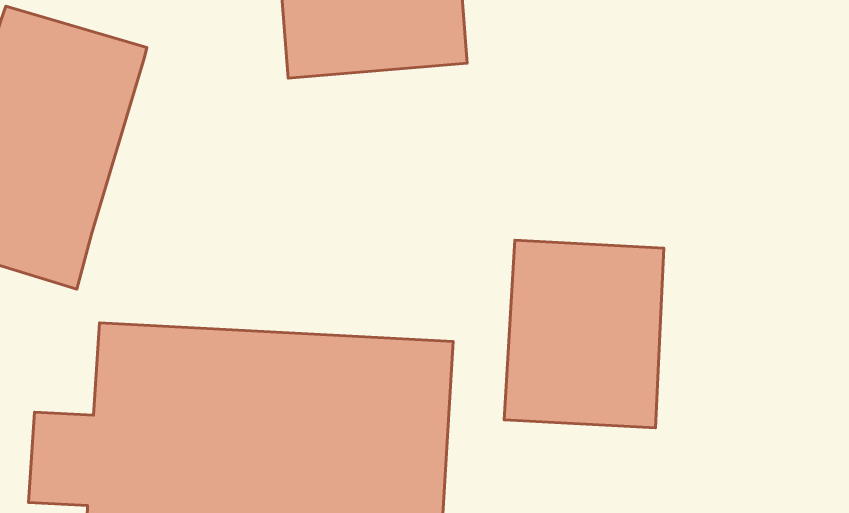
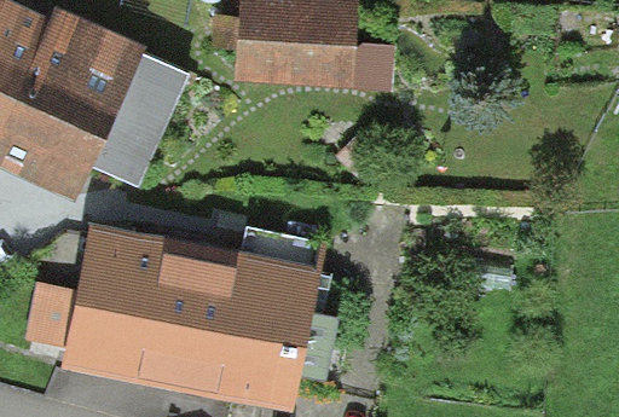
building: none -> [91,52,187,184]
building: [504,240,664,428] -> none

